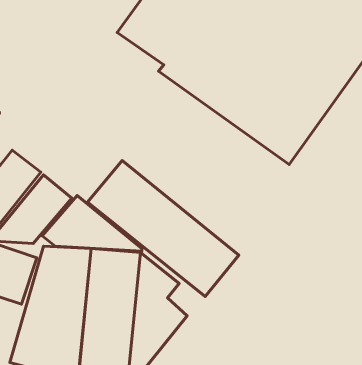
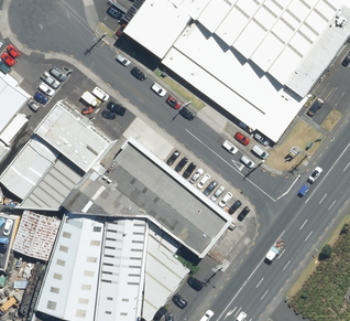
building: none -> [37,103,111,171]

